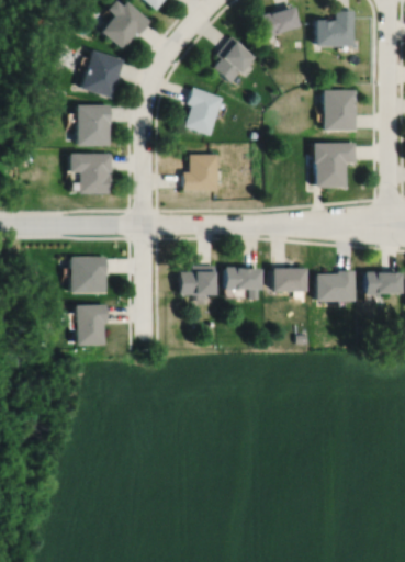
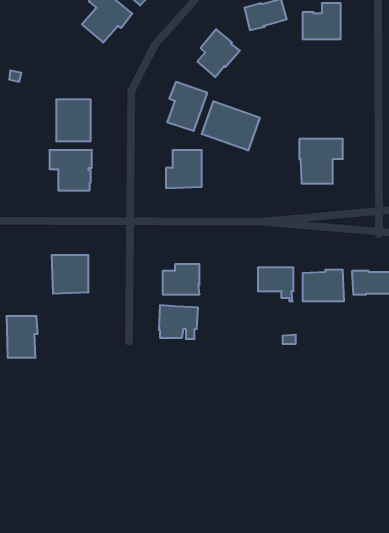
building: [80,49,124,98] -> none
building: [324,90,357,131] -> none
building: none -> [202,101,260,151]
building: [225,267,263,300] -> [159,305,198,339]
building: [77,305,108,346] -> [6,316,38,358]

